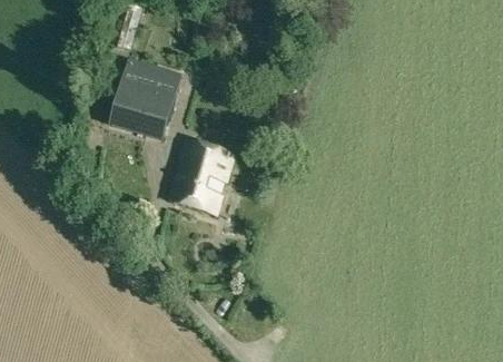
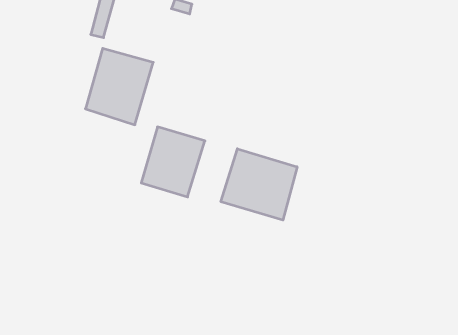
building: none -> [221,149,297,220]

